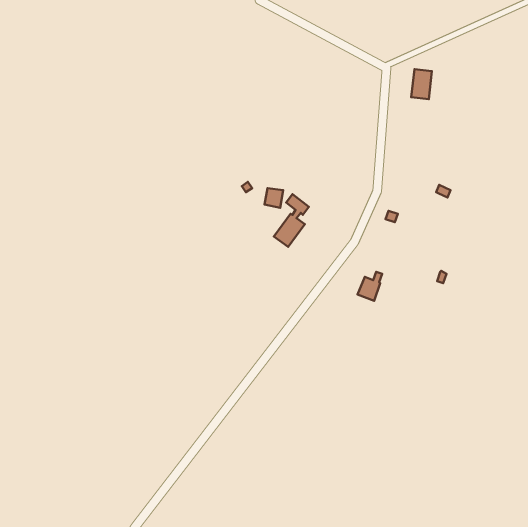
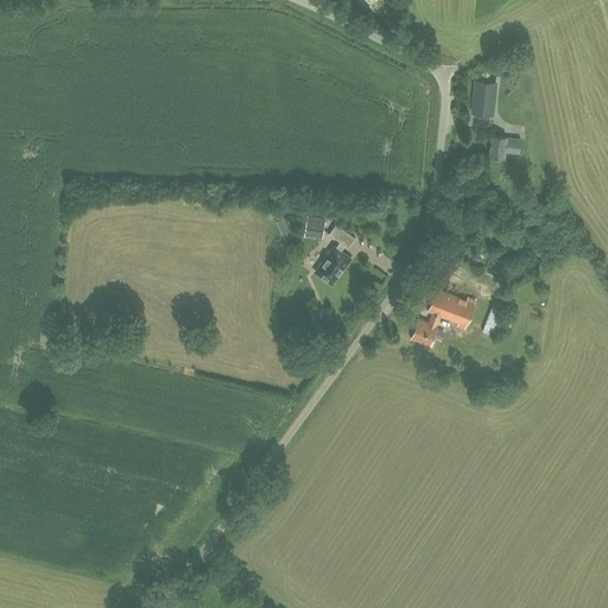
building: none -> [489,137,520,158]
building: none -> [429,290,475,330]

